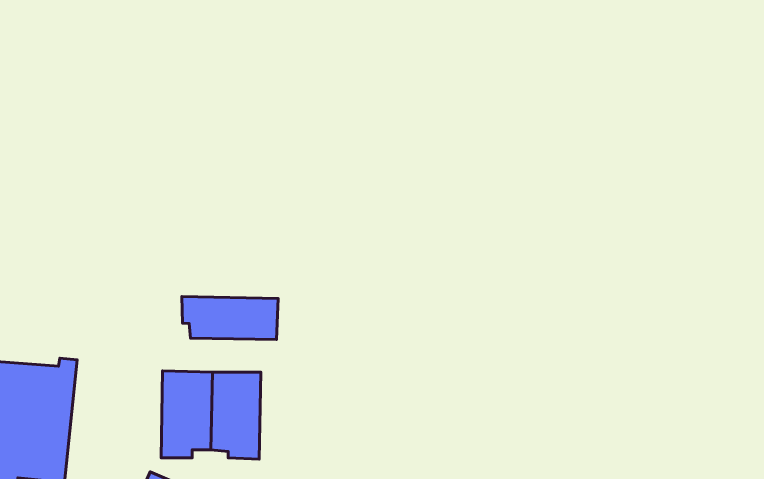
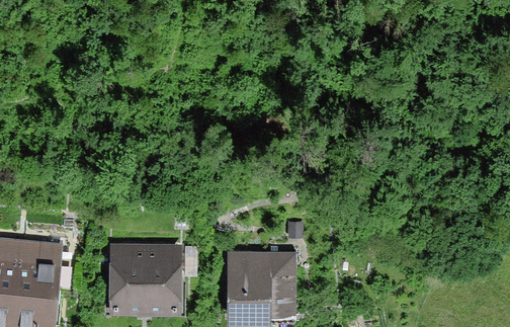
building: [182,297,278,340] -> none
building: none -> [228,248,296,311]

